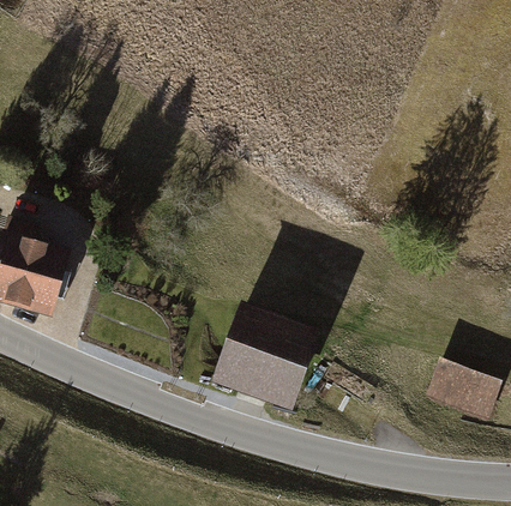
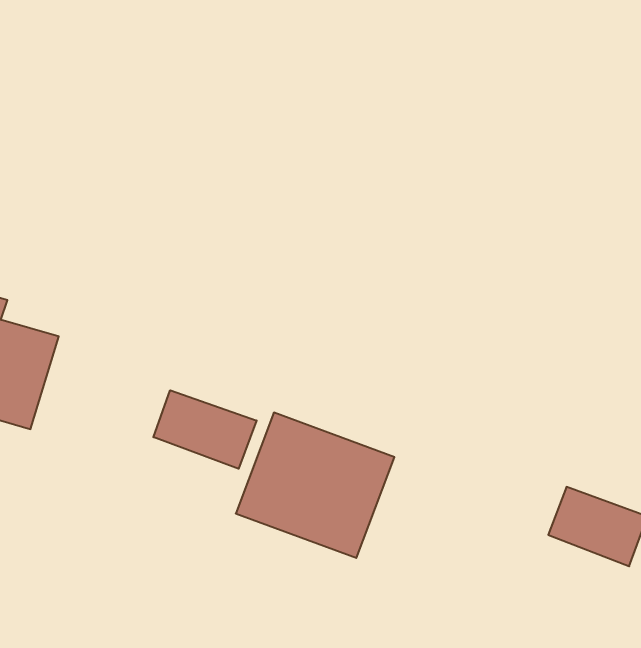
building: none -> [153,390,257,469]

